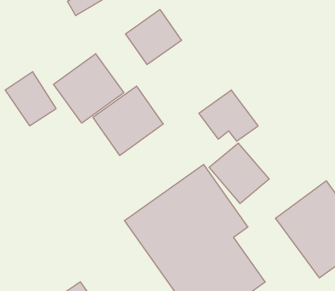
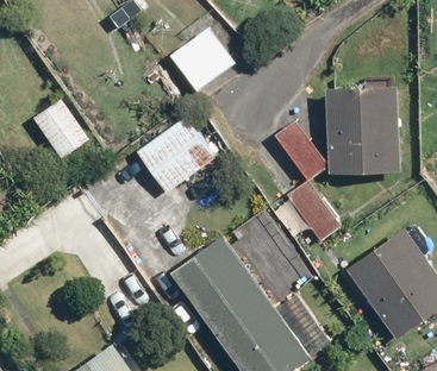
building: [54,54,124,123] -> none
building: none -> [324,87,401,174]

